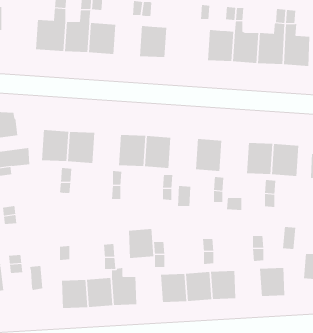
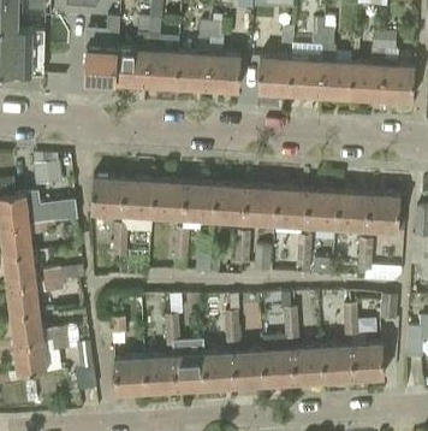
building: none -> [179,52,212,90]
building: none -> [258,57,293,95]
building: none -> [154,182,186,222]
building: none -> [245,188,279,226]
building: none -> [307,191,340,231]
building: [128,228,154,258] -> [206,353,237,389]
building: none -> [325,346,356,382]

